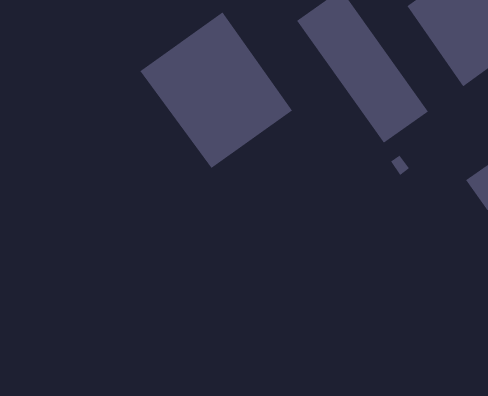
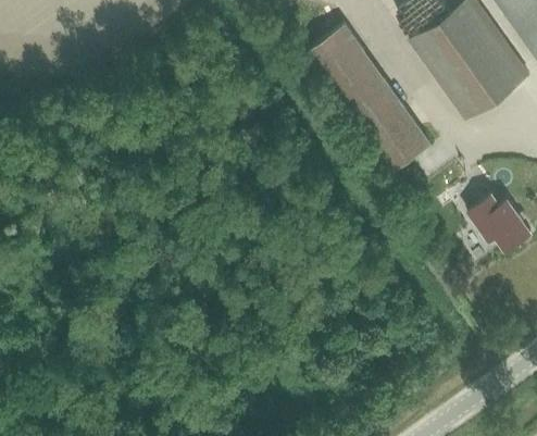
building: [139,12,293,169] -> none

